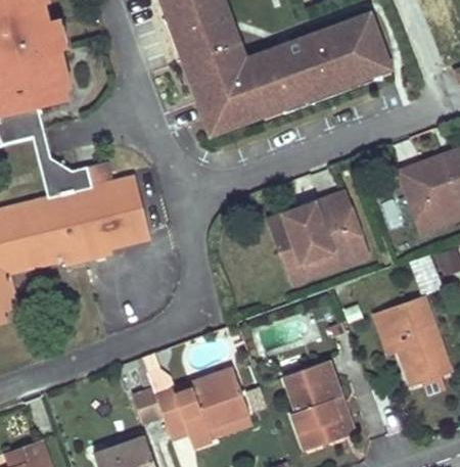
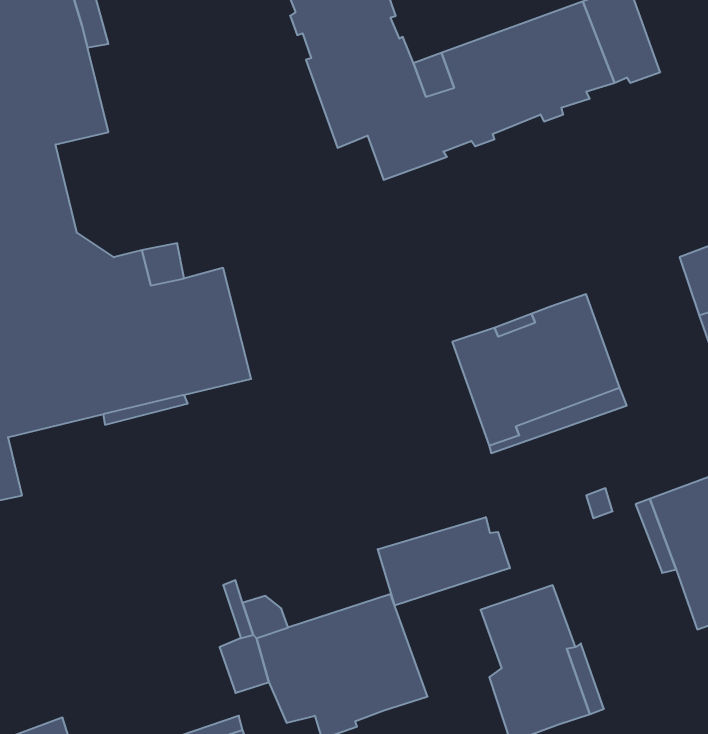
building: none -> [378,517,510,606]

